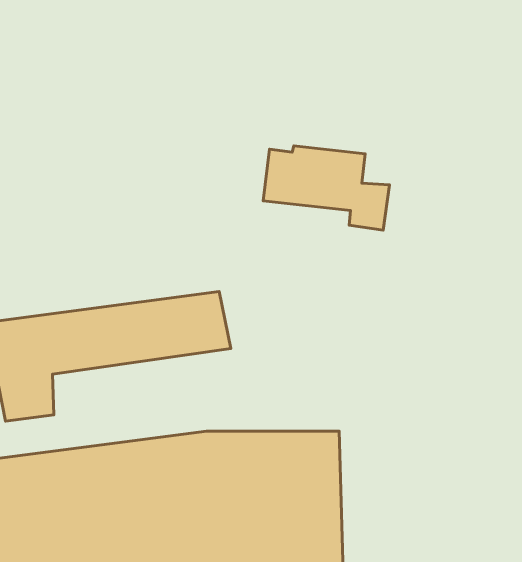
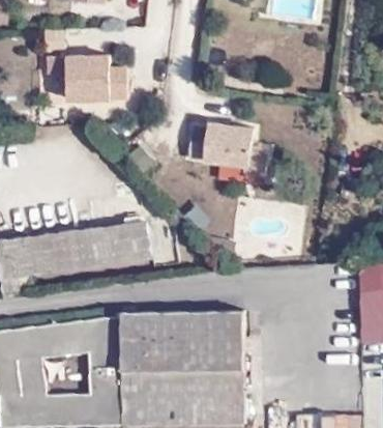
building: none -> [46,60,126,105]

